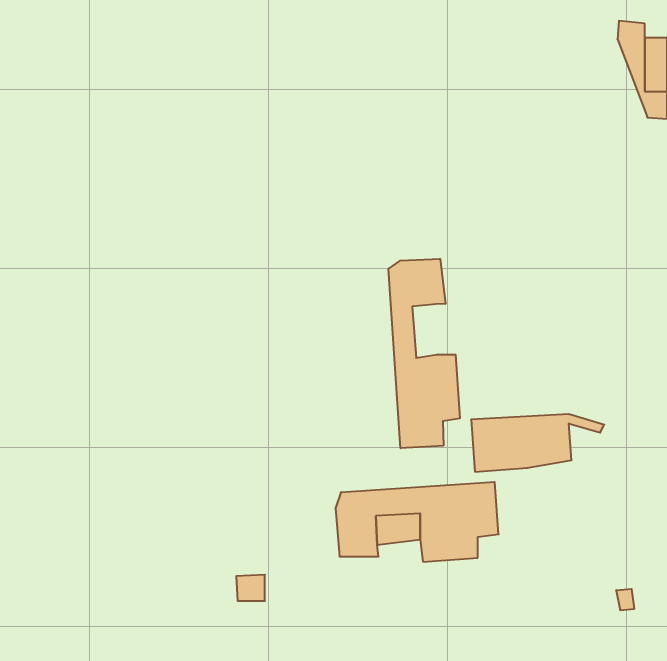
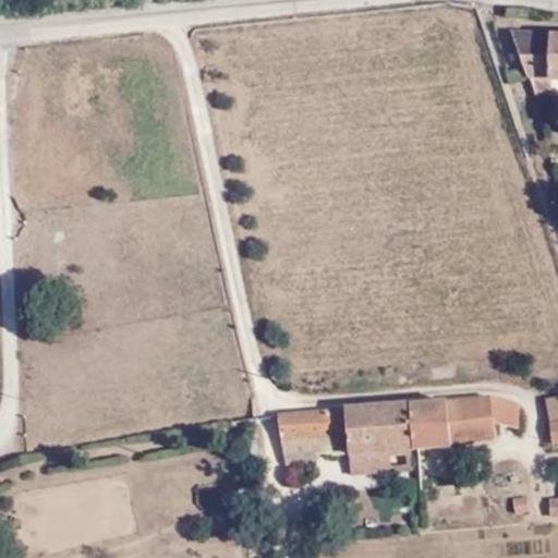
building: [389,259,460,448] -> none
building: [471,414,604,472] -> [413,398,524,446]

